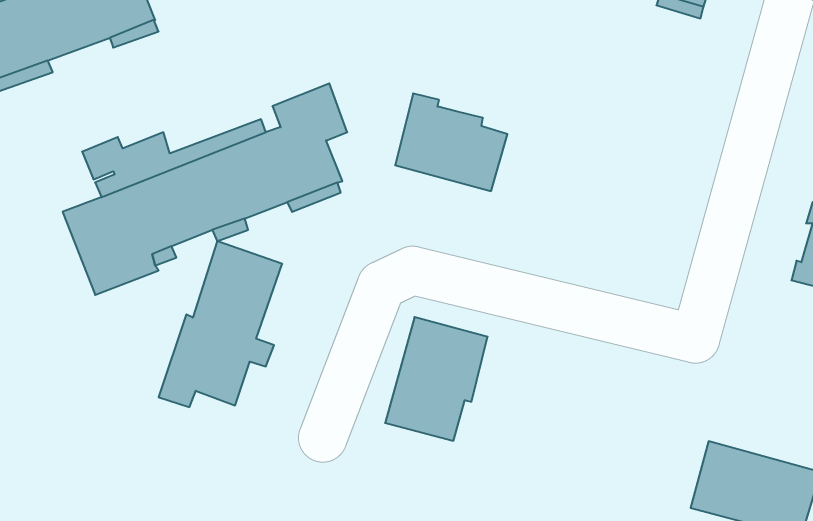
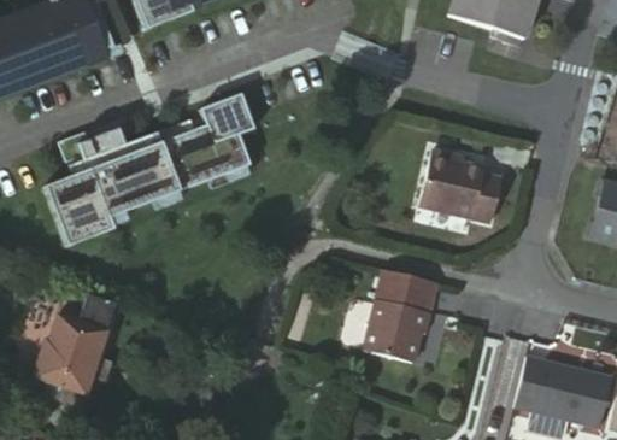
building: [395,93,507,191] -> [421,146,504,218]
building: [159,241,282,407] -> [24,286,116,409]
building: [385,317,488,441] -> [363,268,439,359]

